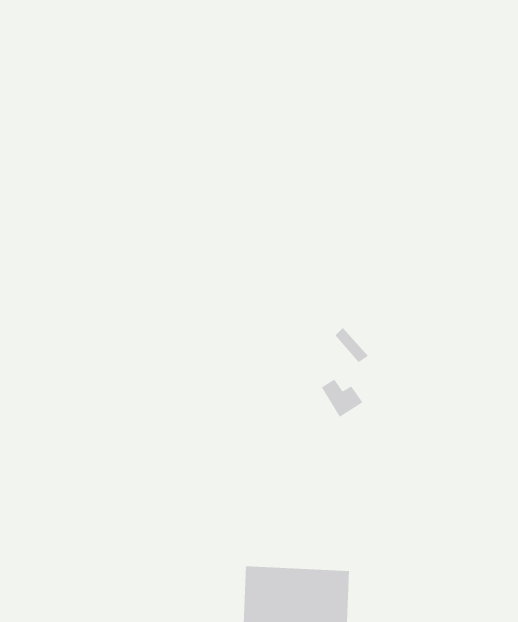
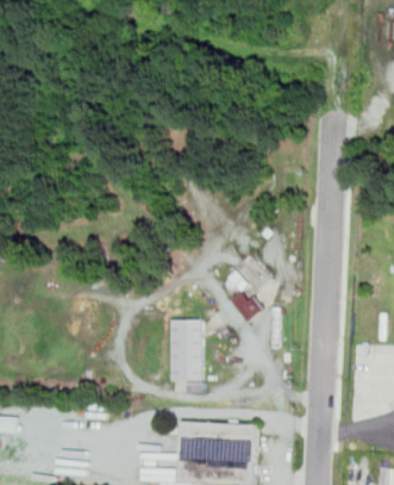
building: none -> [170,319,201,380]

